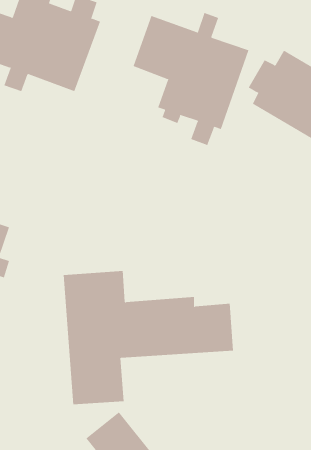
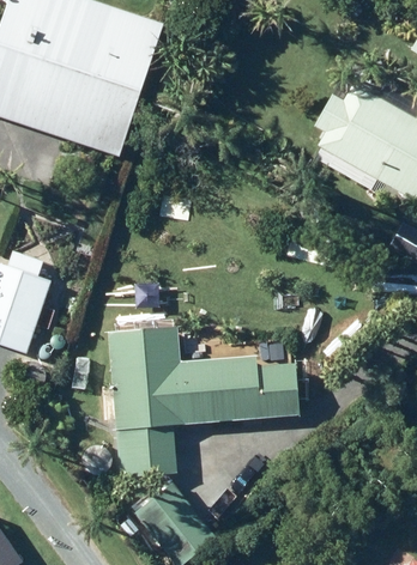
building: [133,12,249,146] -> none

